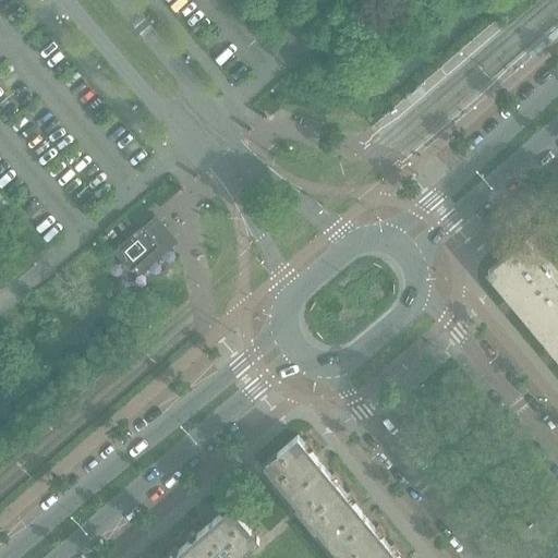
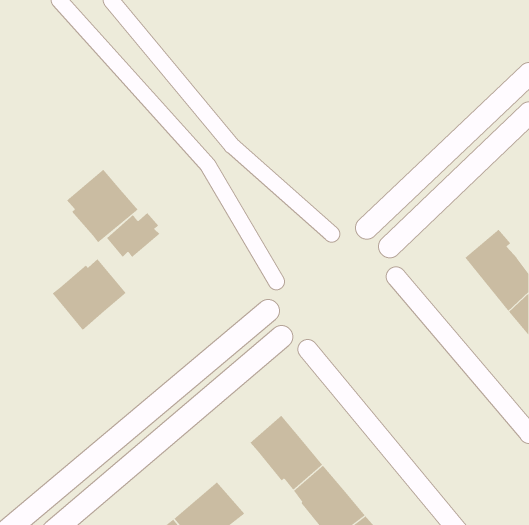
building: none -> [66,169,138,243]
building: none -> [52,258,127,331]

